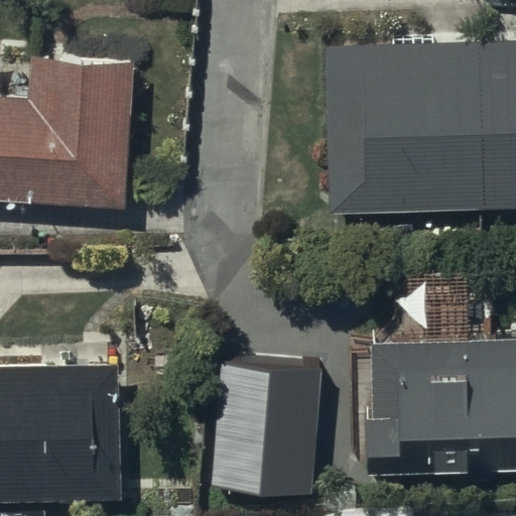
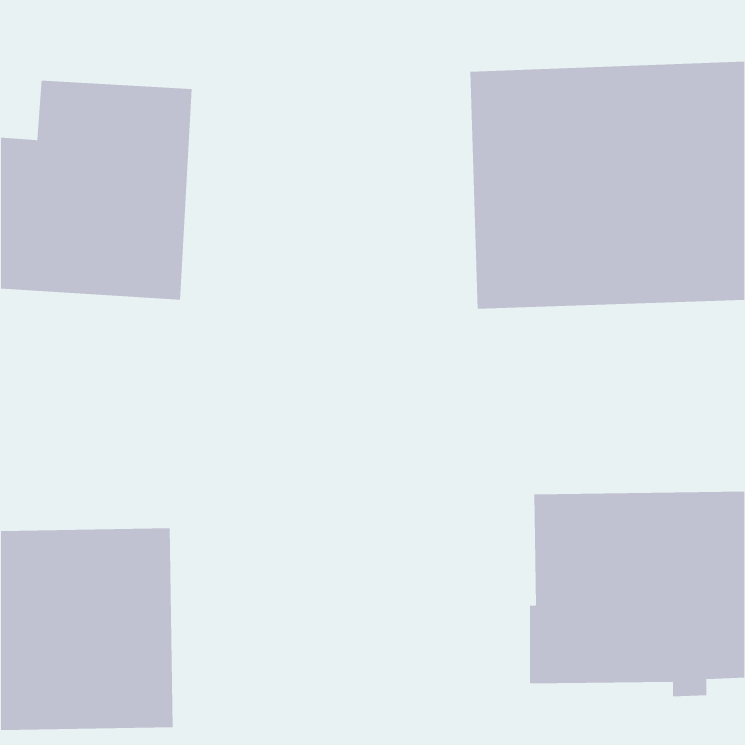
building: [209,355,321,494] -> none

